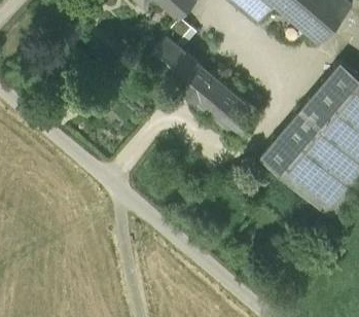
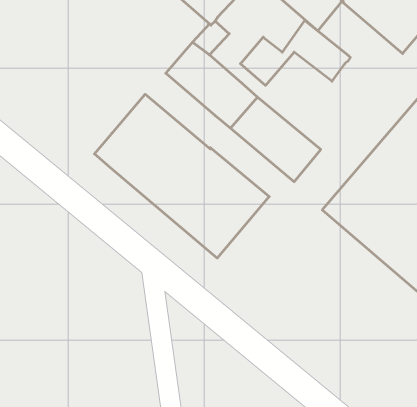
building: none -> [240,20,350,85]
building: none -> [94,94,269,258]

